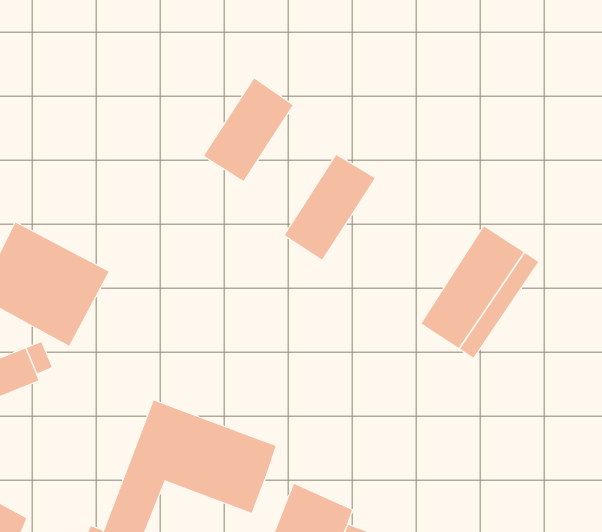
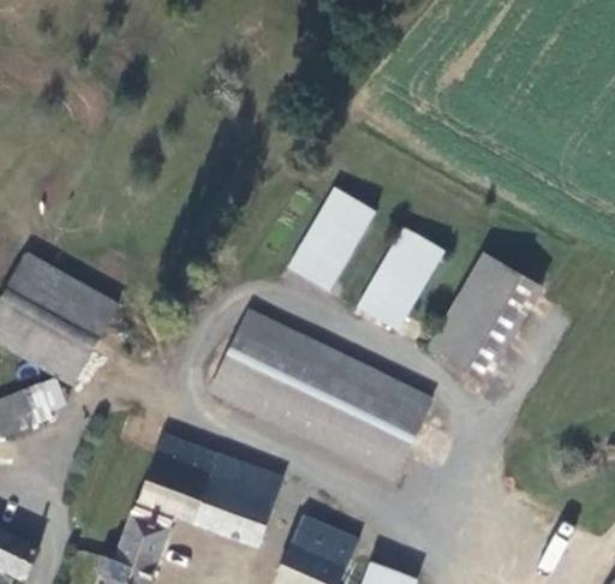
building: [203,78,294,182] -> none
building: none -> [359,228,454,334]
building: none -> [211,314,429,477]

